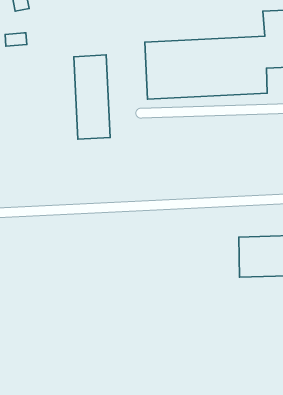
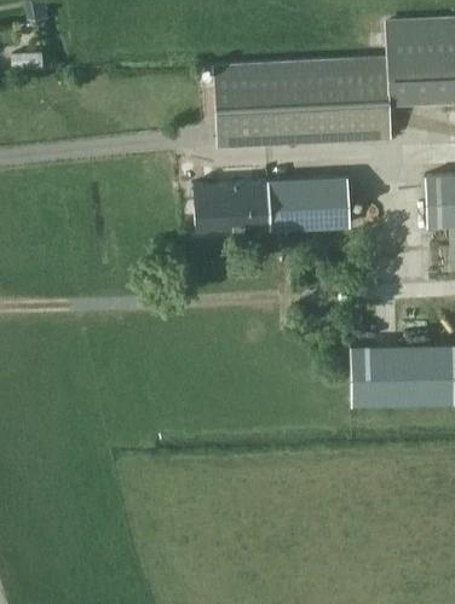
building: [74,55,110,139] -> none
building: none -> [195,179,350,233]

